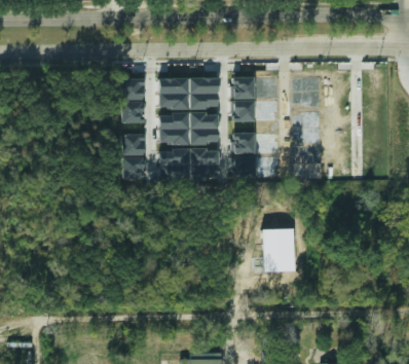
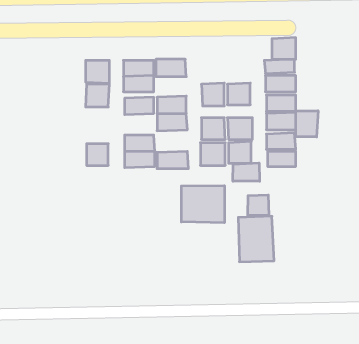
building: [233,77,253,98] -> none
building: [257,77,280,98] -> [272,38,296,59]
building: [189,94,218,110] -> none
building: none -> [296,111,318,137]
building: [159,129,188,144] -> none
building: [123,135,146,155] -> none
building: [190,149,219,166] -> none
building: none -> [233,163,260,181]
building: none -> [181,186,224,223]
building: none -> [248,195,269,216]

